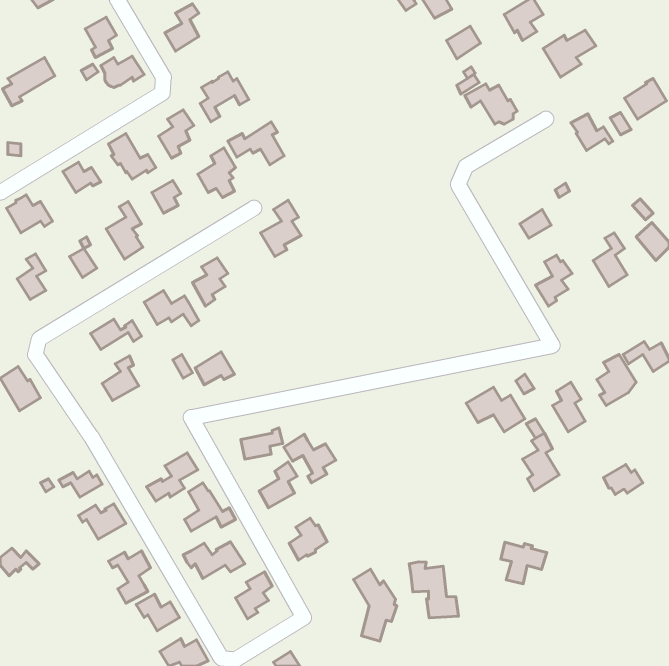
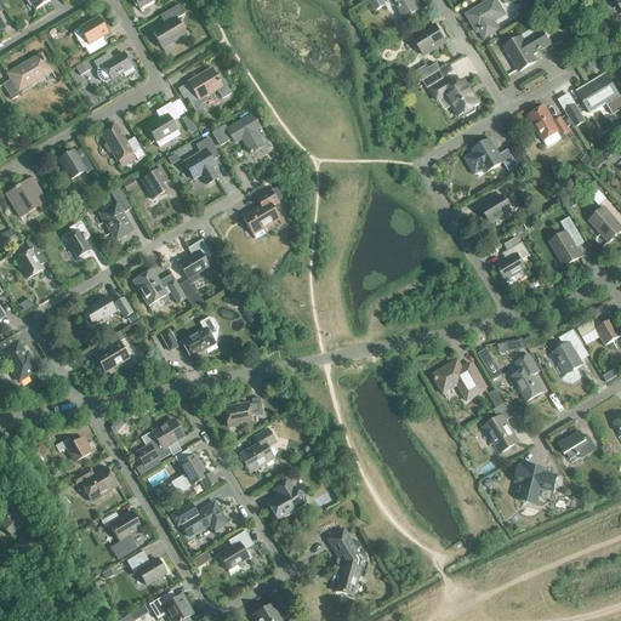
building: none -> [465,138,518,171]
building: [284,434,336,483] -> none
building: [501,542,547,584] -> [515,465,558,503]
building: [409,562,459,618] -> none

